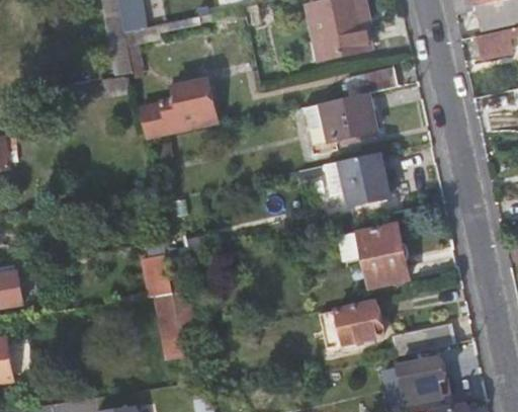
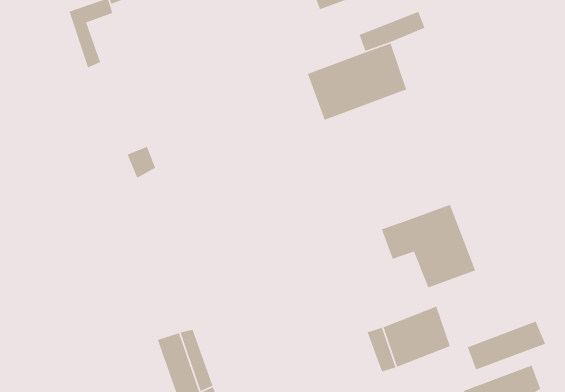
building: [141,81,215,138] -> none
building: [340,152,392,207] -> none
building: [142,252,173,296] -> none

